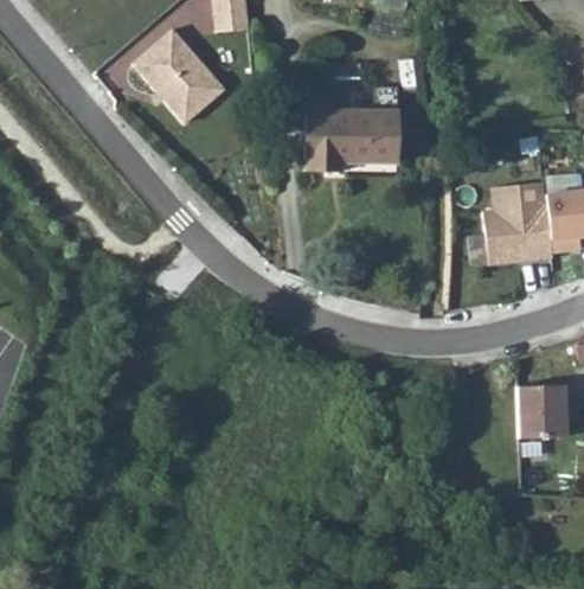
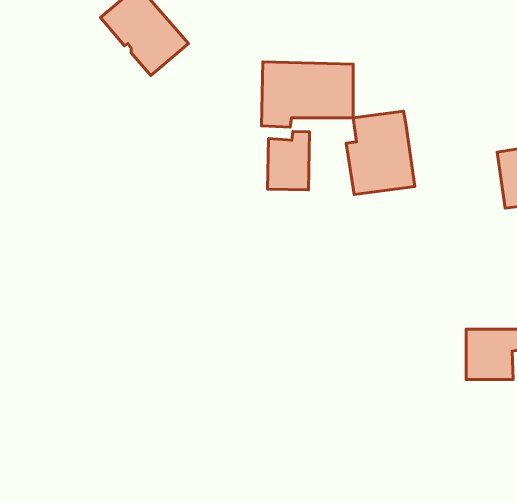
building: none -> [268,132,310,190]
building: [484,186,556,273] -> [346,111,415,194]

